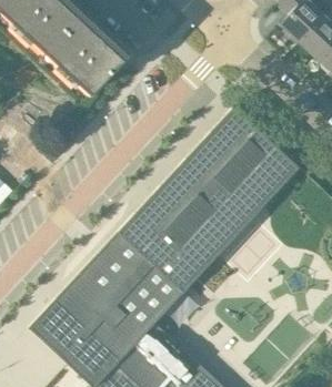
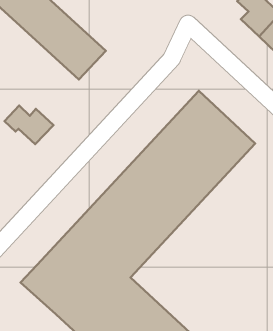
building: none -> [5,106,53,144]

